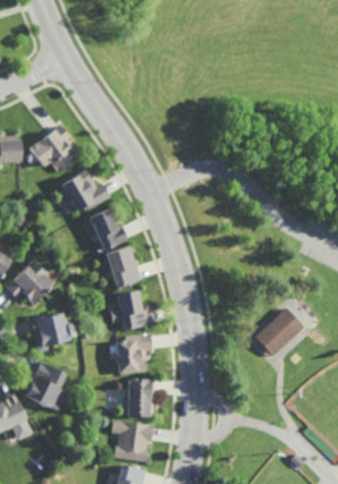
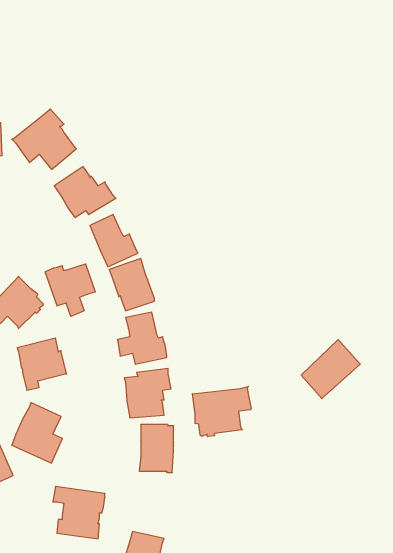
building: none -> [45,264,95,316]
building: none -> [192,386,251,437]
building: [112,421,154,463] -> [53,487,105,539]

